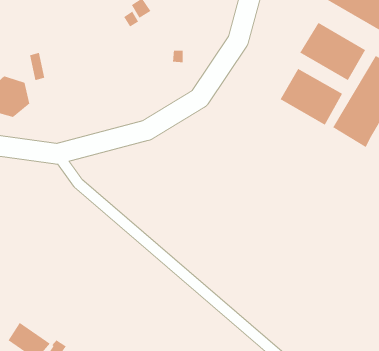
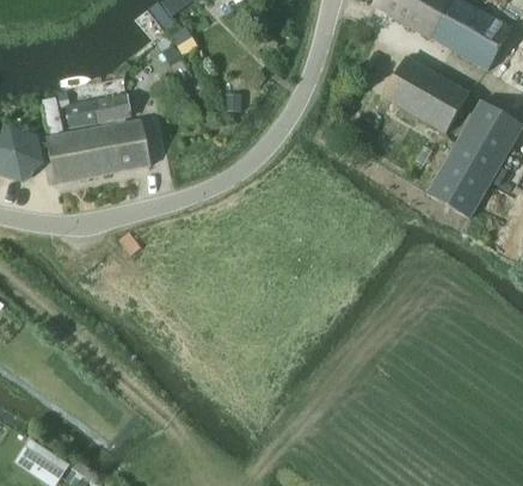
building: none -> [47,93,149,184]
building: [280,68,343,126] -> none

